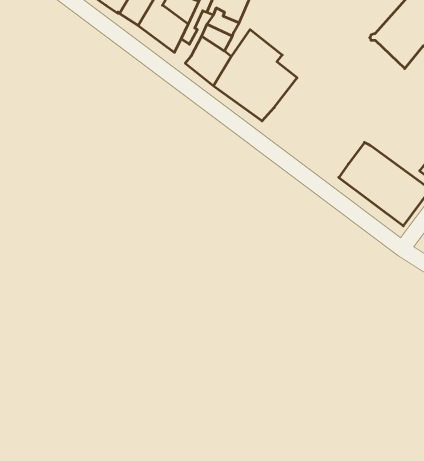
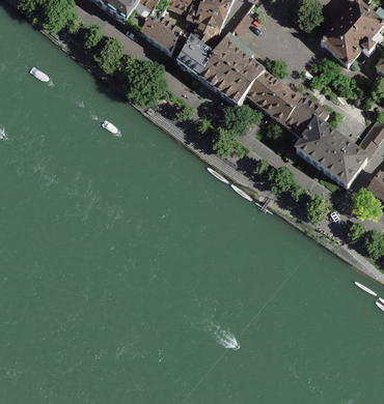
building: none -> [247,73,329,139]

